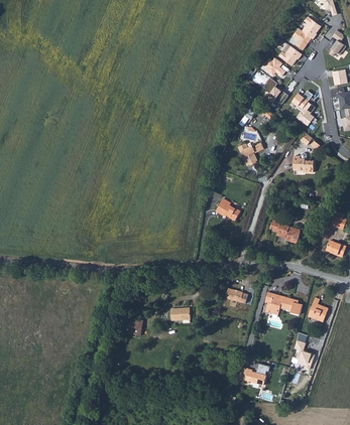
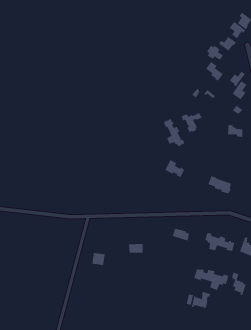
building: none -> [163,118,185,147]
building: none -> [194,268,229,291]

